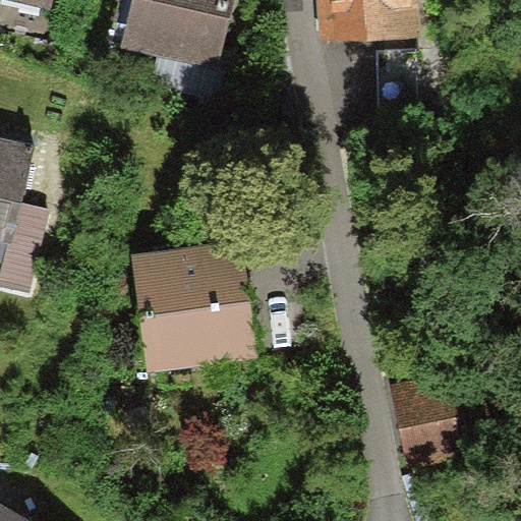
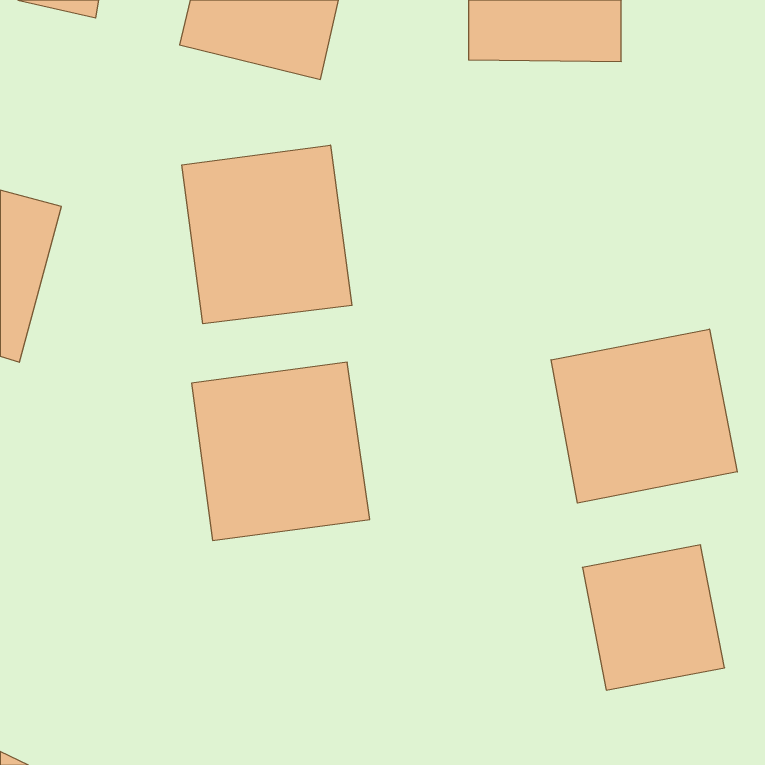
building: none -> [182,145,352,324]
building: none -> [551,329,737,503]

